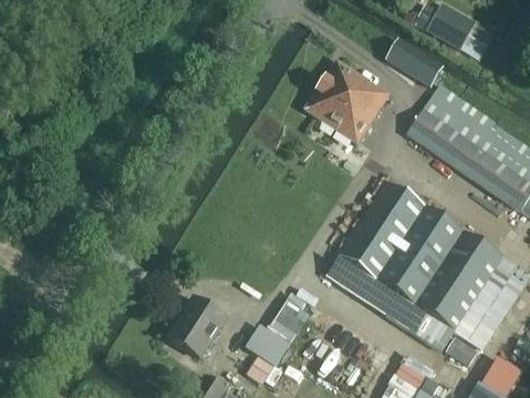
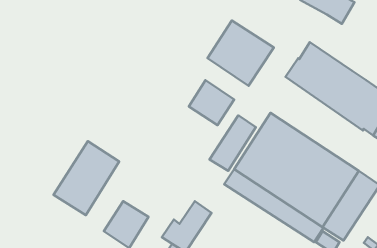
building: [385,38,441,89] -> none
building: none -> [189,80,234,125]
building: none -> [210,116,256,171]
building: none -> [53,141,119,215]

